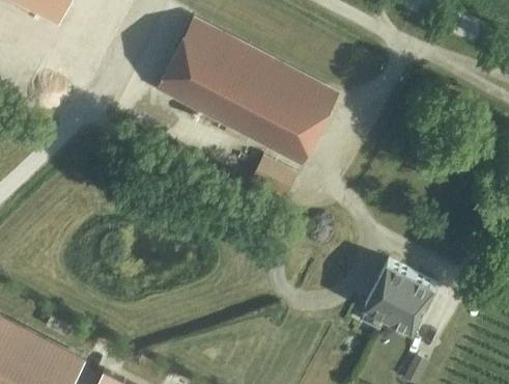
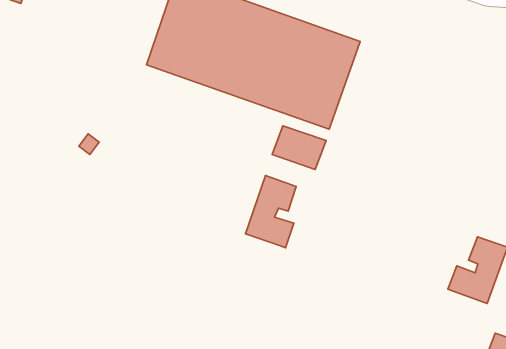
building: none -> [245,176,296,248]
building: [362,262,413,330] -> none

